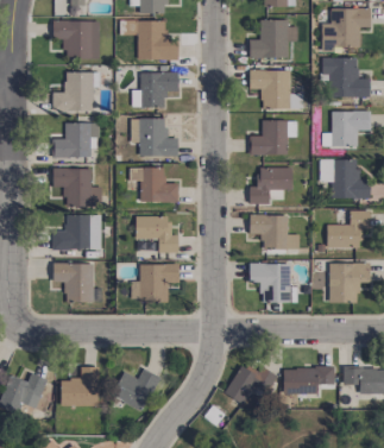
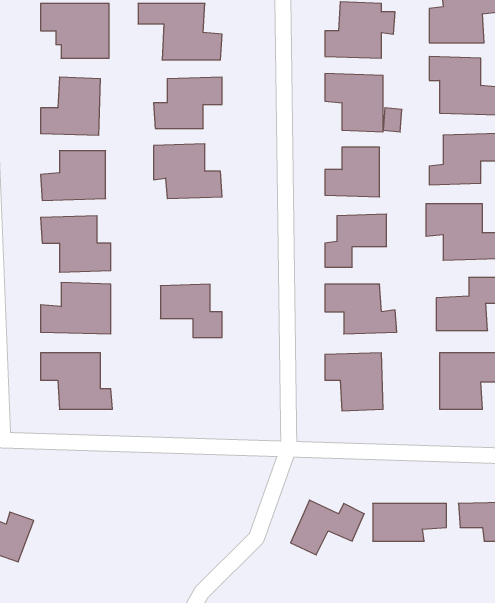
building: [130,166,178,202] -> none
building: [131,264,180,302] -> none
building: [61,366,100,408] -> none
building: [112,368,160,411] -> none

